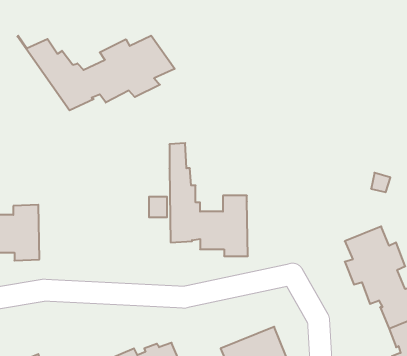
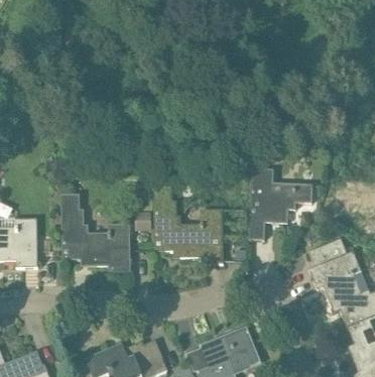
building: [17,36,175,110] -> none
building: none -> [248,167,312,239]
building: none -> [60,194,130,272]

